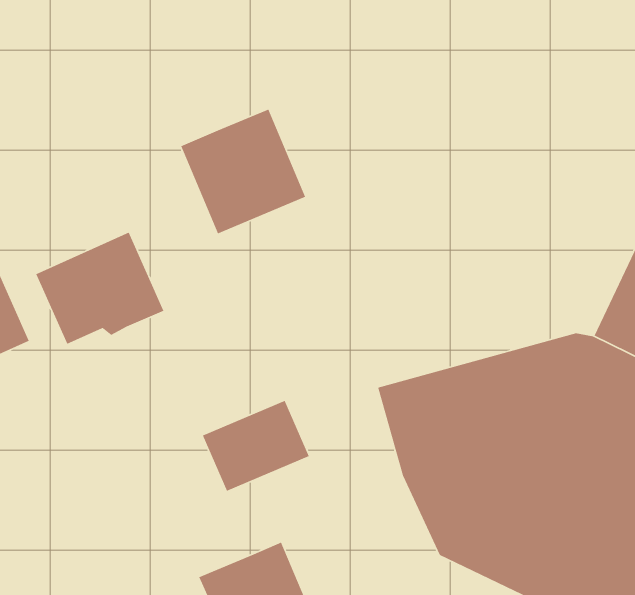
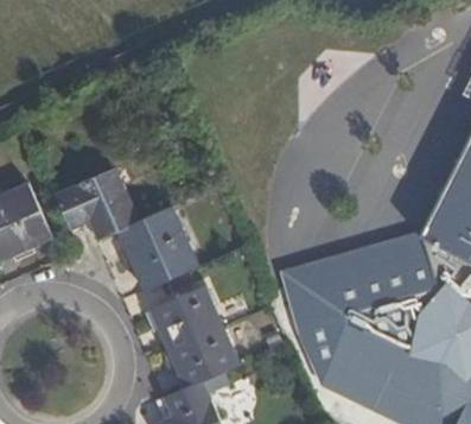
building: [180,109,306,234] -> [113,204,197,289]
building: none -> [179,316,253,381]

